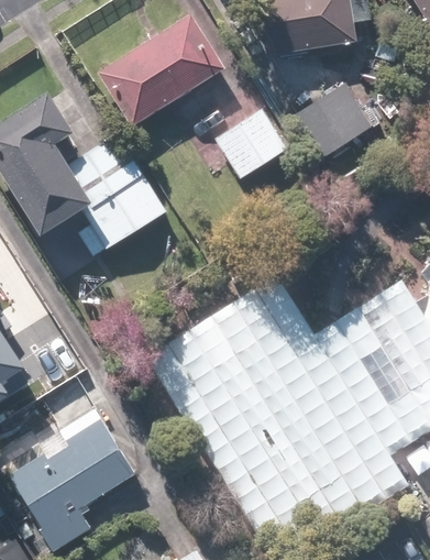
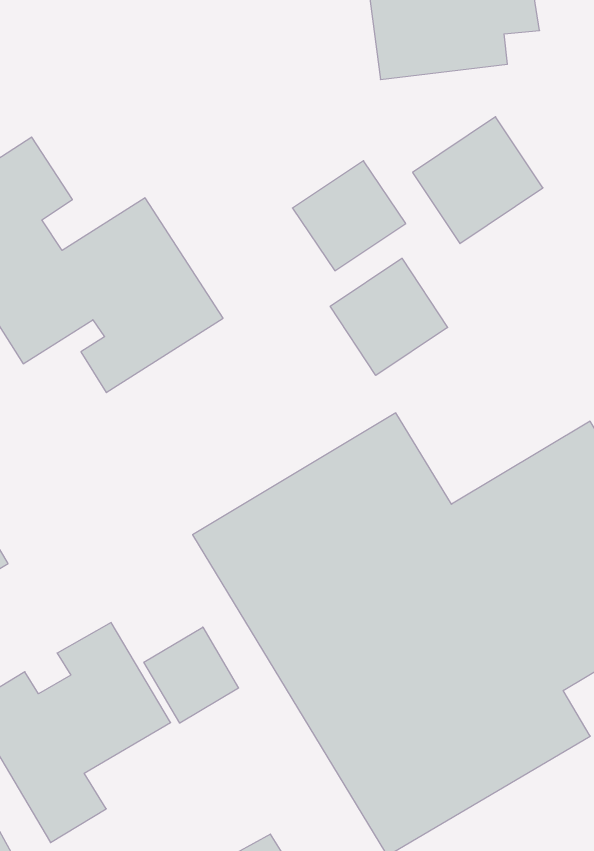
building: [93,12,224,129] -> none
building: none -> [330,258,448,375]
building: none -> [144,627,239,723]

